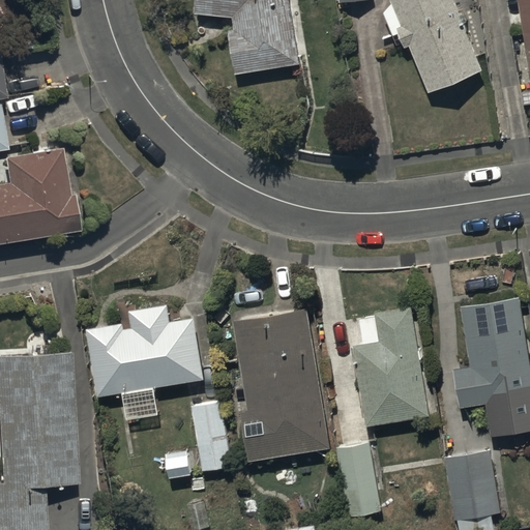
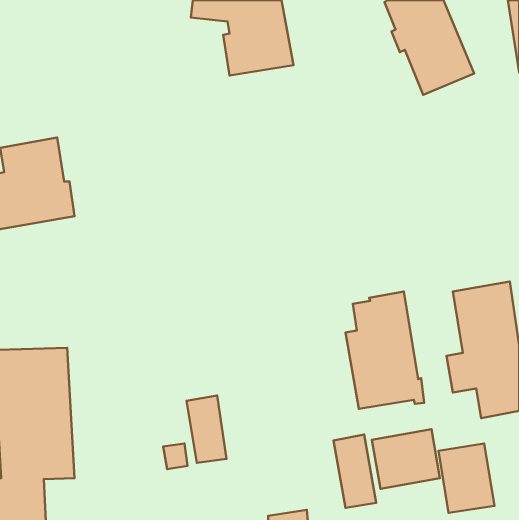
building: [88,305,204,398] -> none
building: [235,311,330,462] -> none
building: none -> [372,429,440,489]

